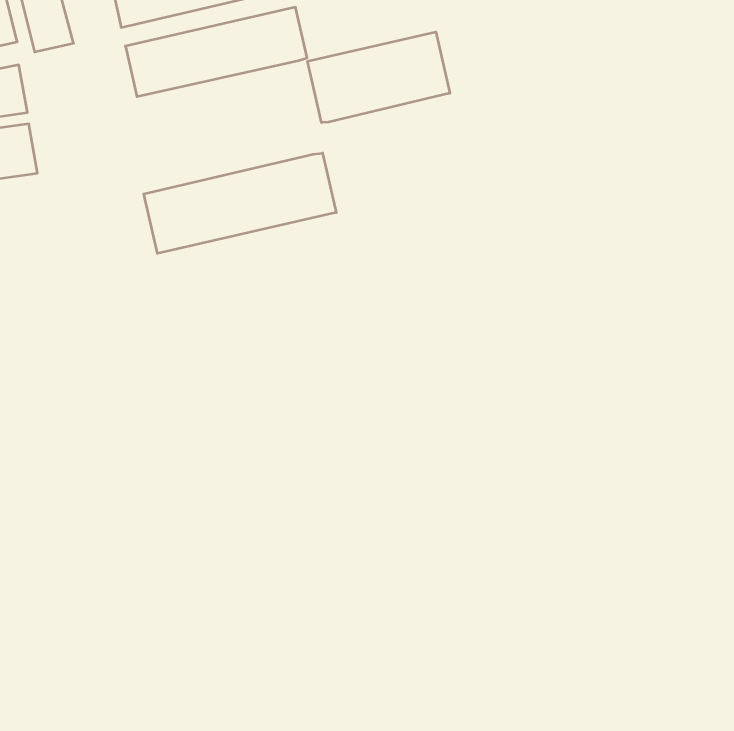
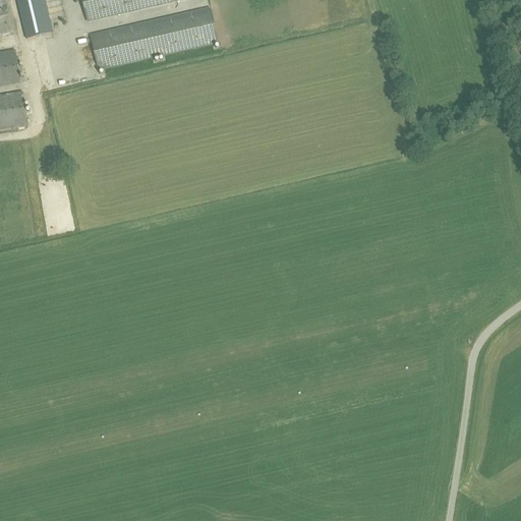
building: [308,32,450,123] -> none
building: [144,153,336,253] -> none

